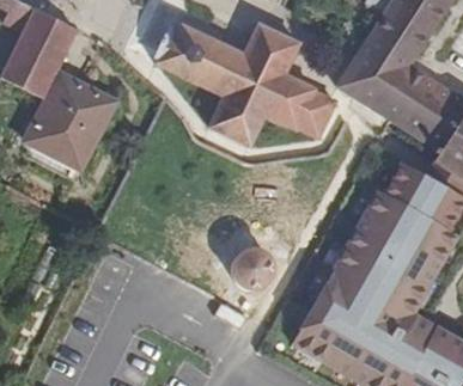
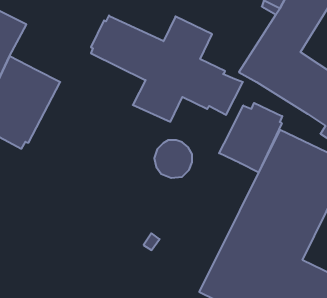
building: none -> [219,103,282,172]
building: [231,244,276,289] -> [154,140,192,178]

